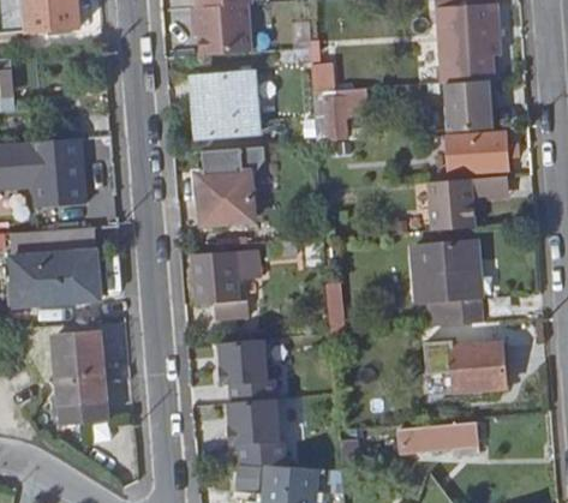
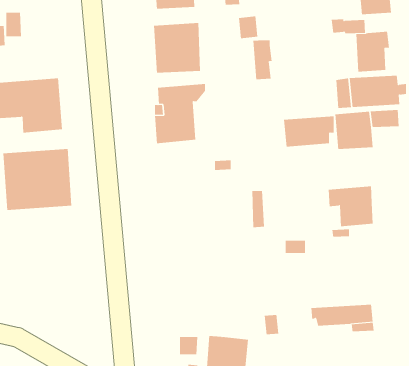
building: [414,240,479,280] -> [283,116,335,147]
building: [192,247,263,316] -> none
building: [49,323,103,426] -> none
building: [219,337,285,465] -> none
building: [453,343,506,391] -> none

